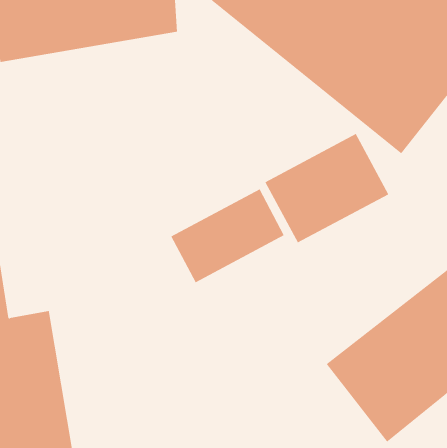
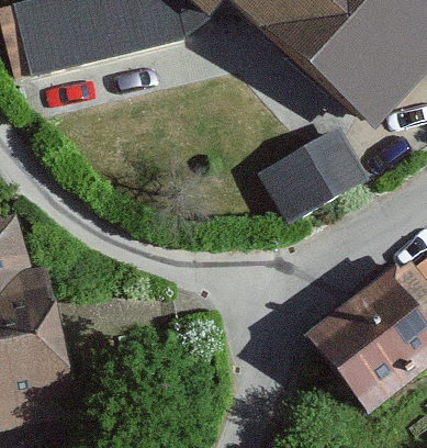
building: [171,188,285,283] -> none

